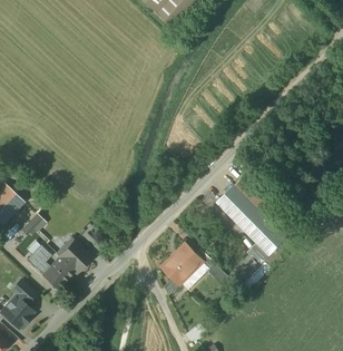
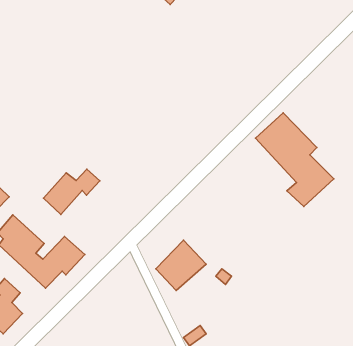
building: none -> [44,169,100,214]
building: [215,178,287,265] -> [256,113,334,207]

